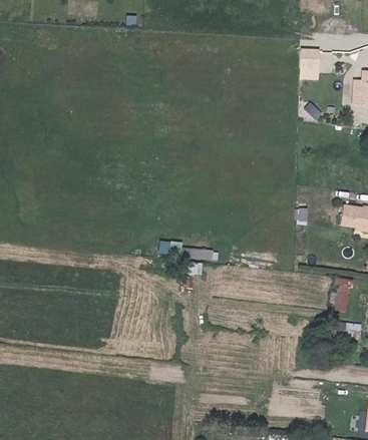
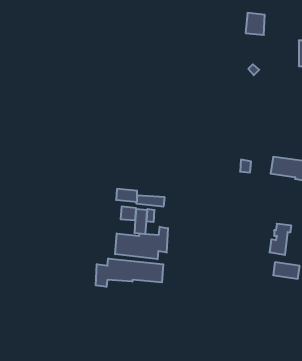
building: none -> [115,227,168,259]
building: none -> [96,258,163,287]

